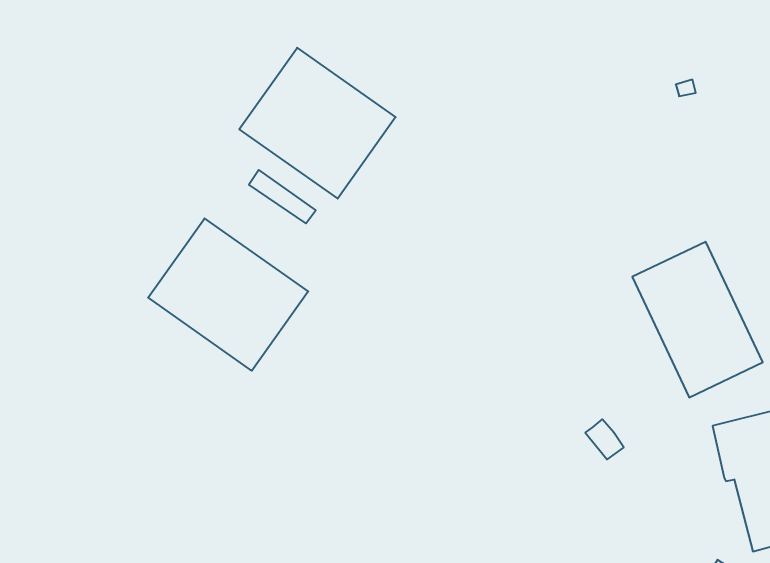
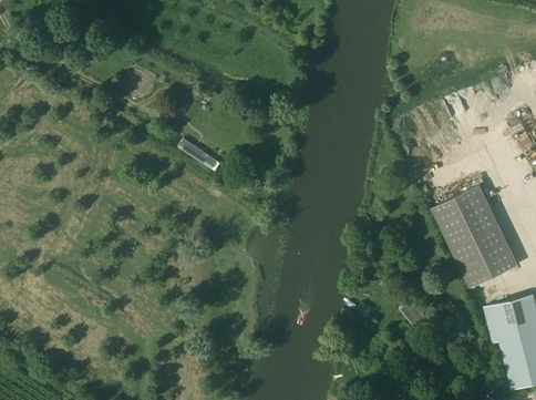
building: [239,48,396,199] -> none
building: [148,218,308,371] -> none

